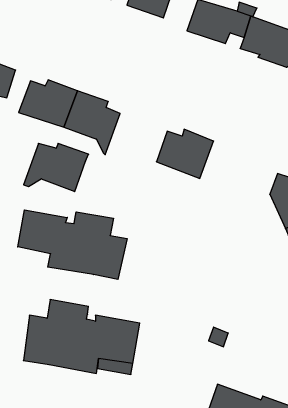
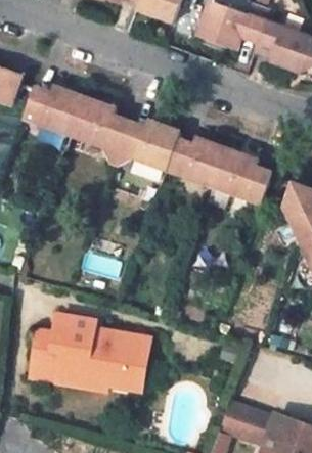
building: none -> [211,148,270,203]
building: [24,143,89,192] -> [113,120,180,170]
building: [18,210,127,279] -> none

